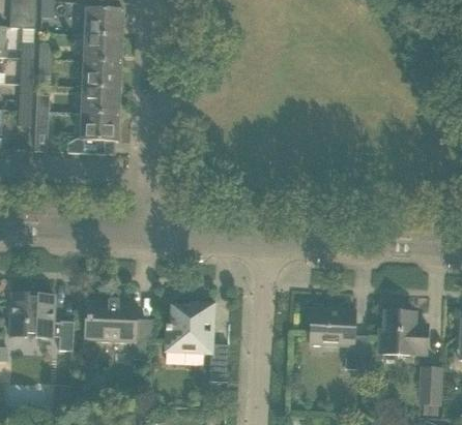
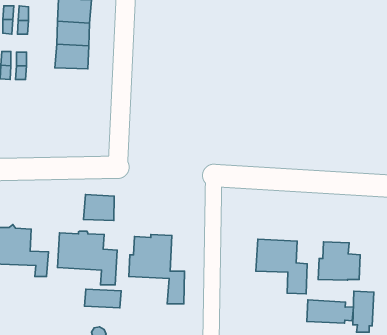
building: [66,112,118,153] -> none
building: none -> [84,195,114,221]
building: none -> [84,289,121,308]
building: none -> [307,300,353,323]

